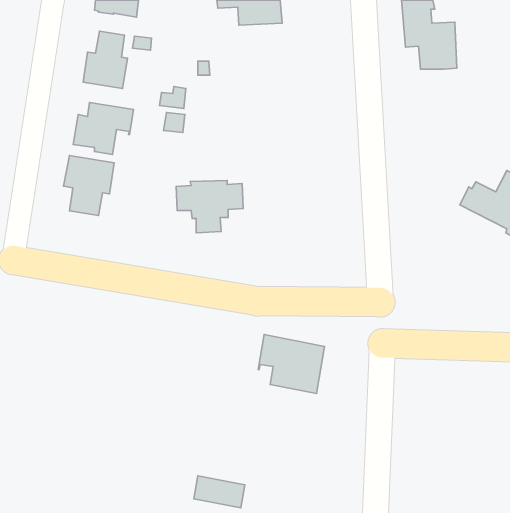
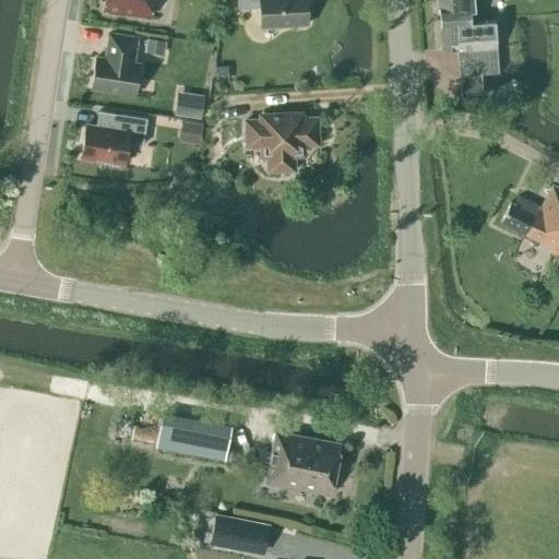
building: [64,155,114,215] -> none
building: [176,180,243,233] -> [248,115,321,171]
building: [258,334,324,394] -> [271,431,343,496]
building: none -> [159,418,231,461]

